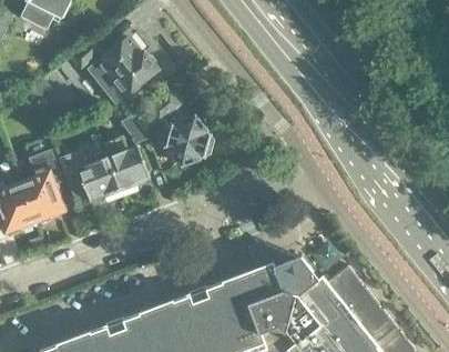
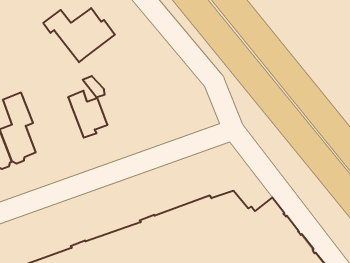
building: [135,94,212,168] -> none
building: [57,152,120,202] -> none

